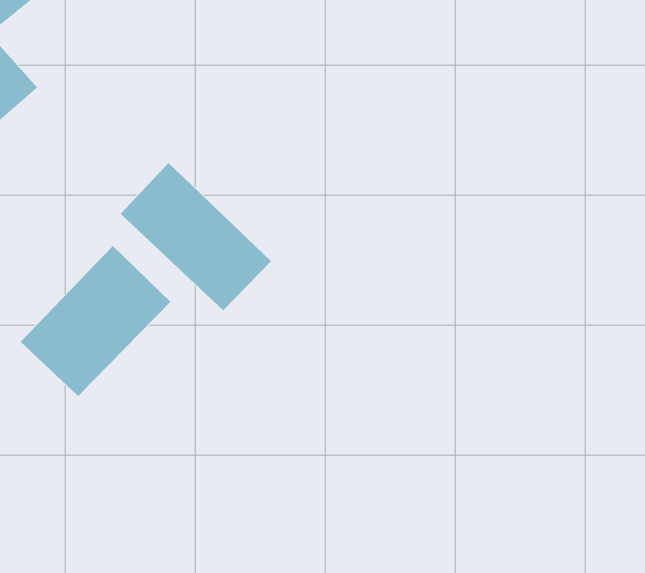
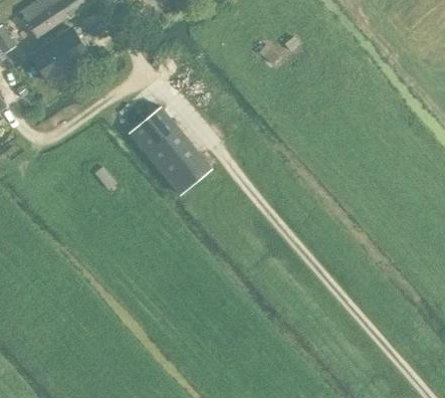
building: [20,245,171,397] -> none

